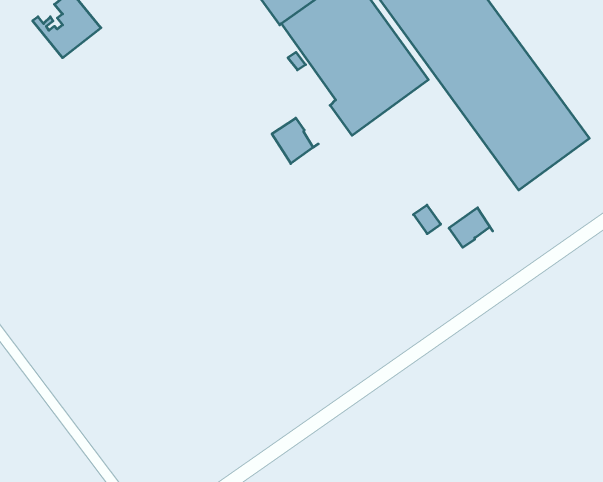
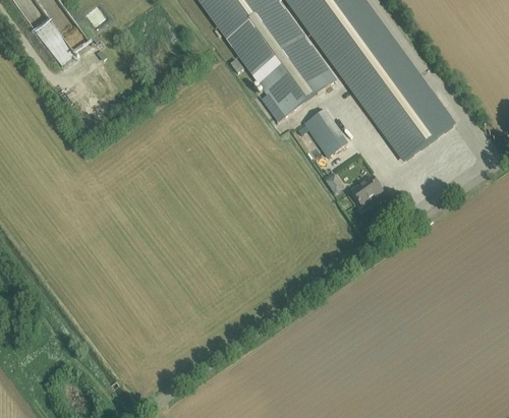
building: [272,118,318,164] -> none
building: none -> [303,109,346,155]

